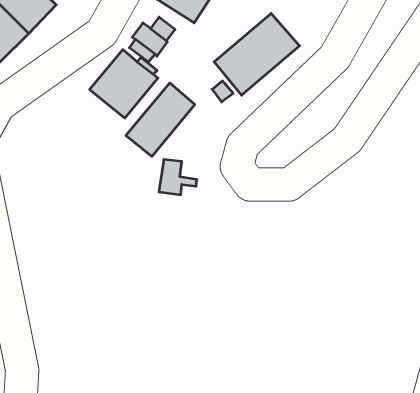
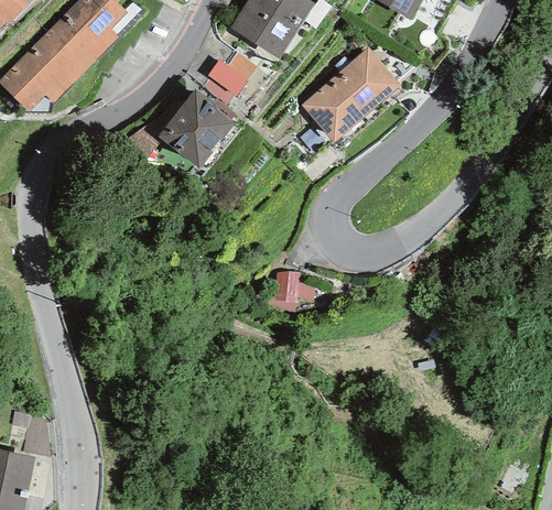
building: [126,83,195,156] -> none
building: [159,160,197,195] -> [273,263,317,304]

